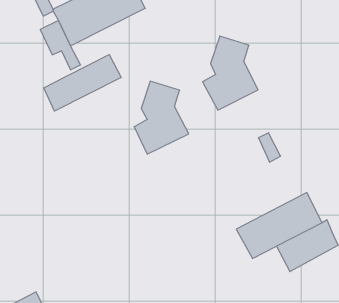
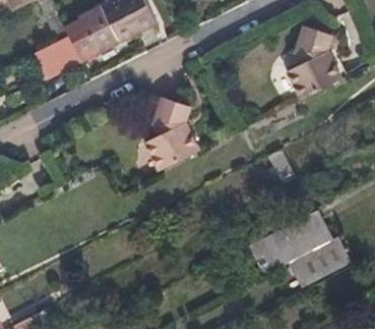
building: [203,36,258,110] -> [286,25,341,100]
building: [44,55,121,111] -> none

